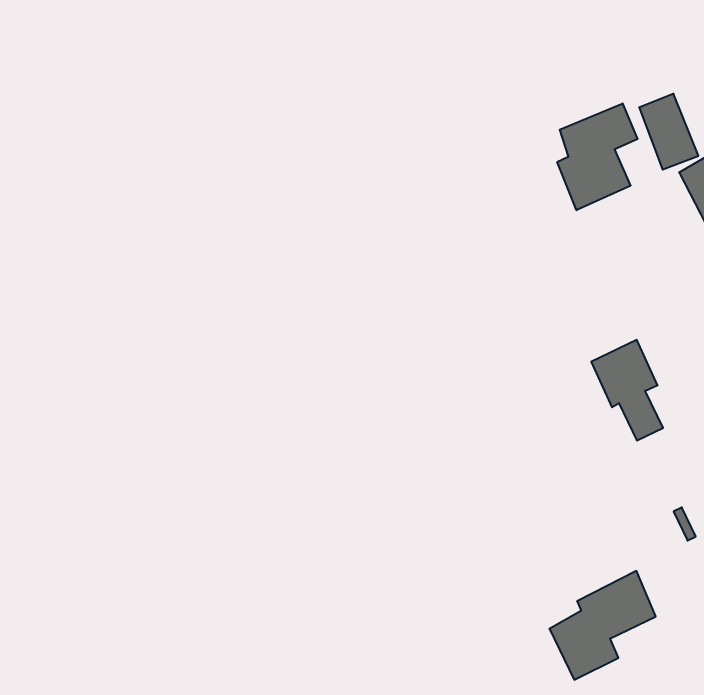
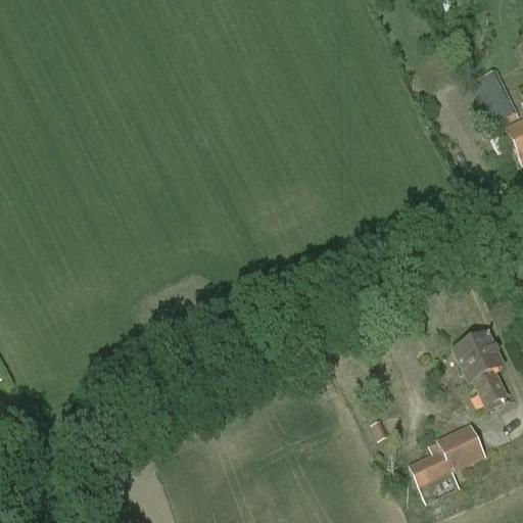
building: [557,103,638,210] -> none
building: [591,340,663,440] -> [454,333,507,408]

